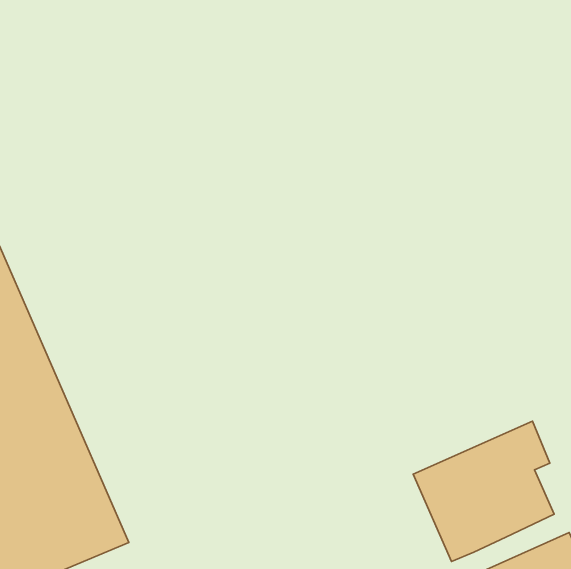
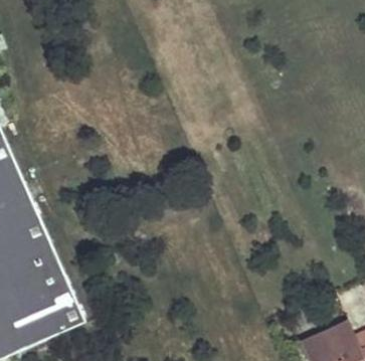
building: [413,421,554,562] -> none

